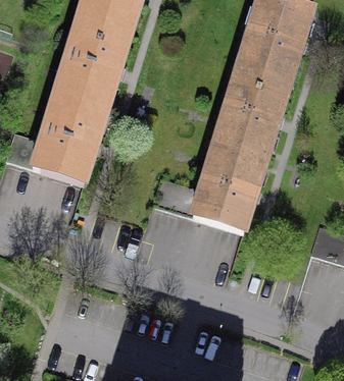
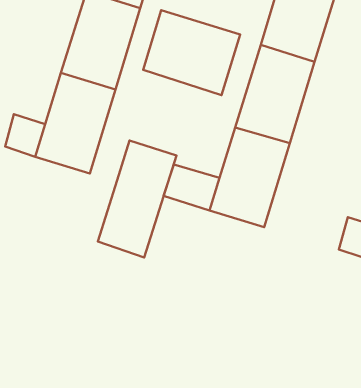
building: none -> [143,10,240,95]
building: none -> [98,140,176,258]

